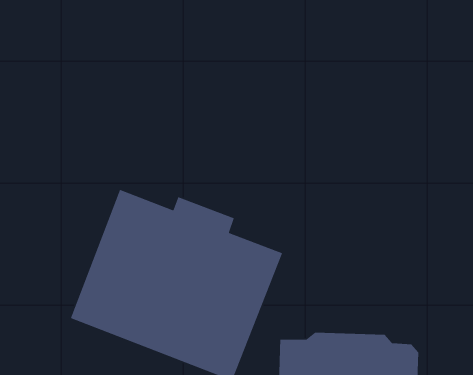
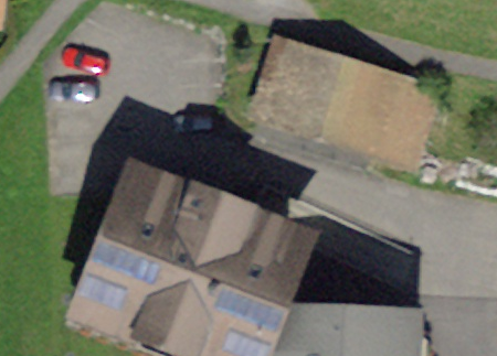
building: none -> [243,29,416,145]

